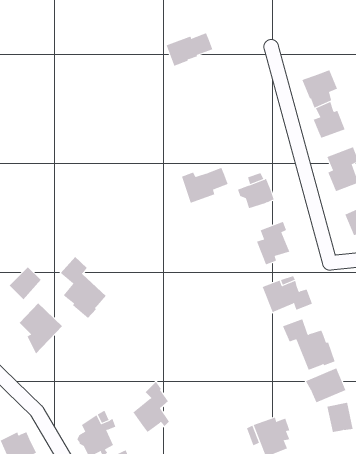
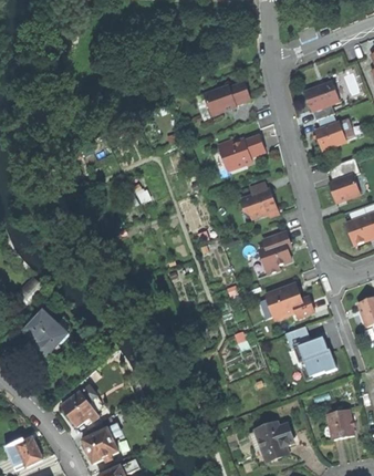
building: [166,33,213,66] -> [204,83,250,116]
building: [181,167,229,203] -> [218,136,264,172]
building: [60,256,107,319] -> none
building: [305,367,346,403] -> none
building: [133,381,170,433] -> [63,376,100,427]

